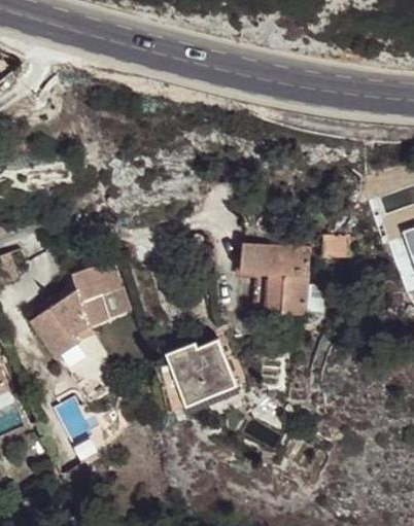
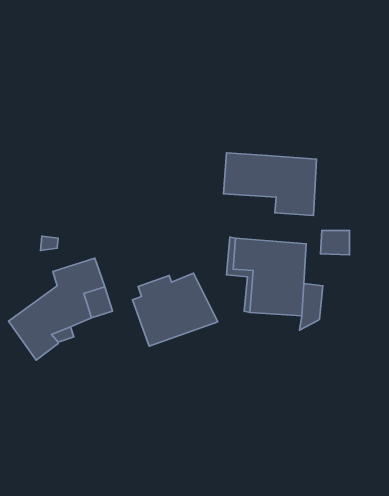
building: none -> [223,153,317,216]
building: [163,340,242,408] -> [133,273,218,346]

